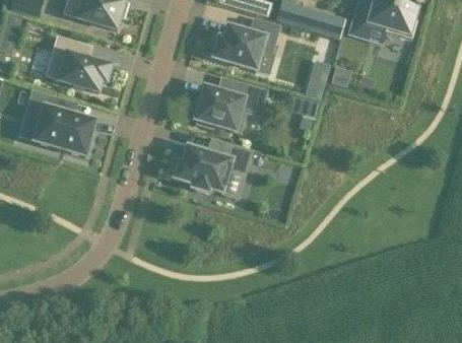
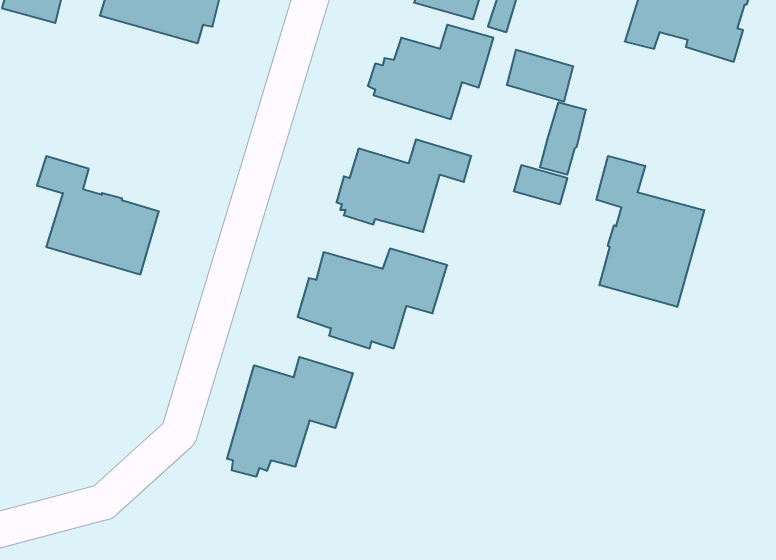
building: [308,9,344,38] -> [507,50,573,102]
building: [45,35,110,91] -> none
building: none -> [597,156,704,307]
building: none -> [227,357,353,477]

